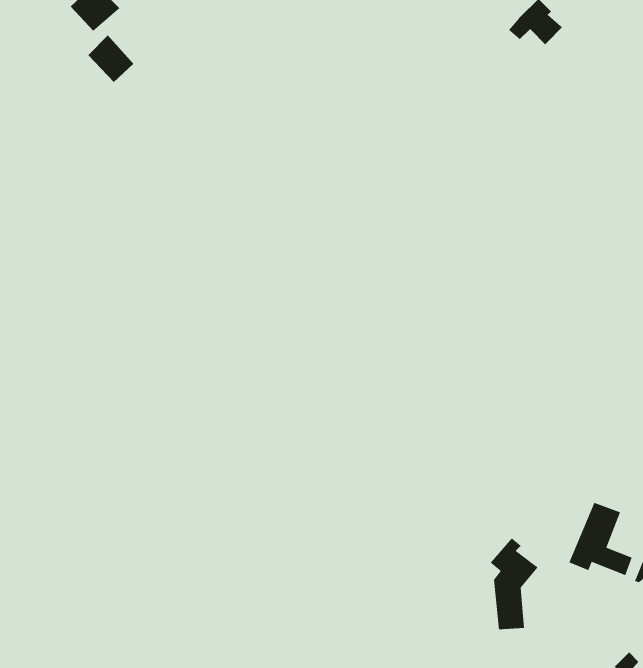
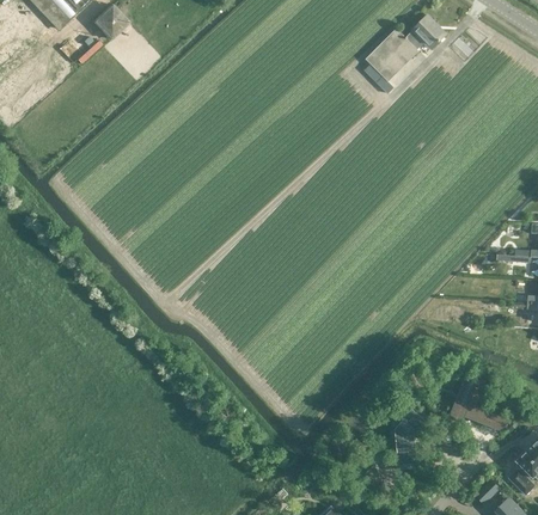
building: none -> [366,29,418,81]
building: [88,34,134,83] -> none

